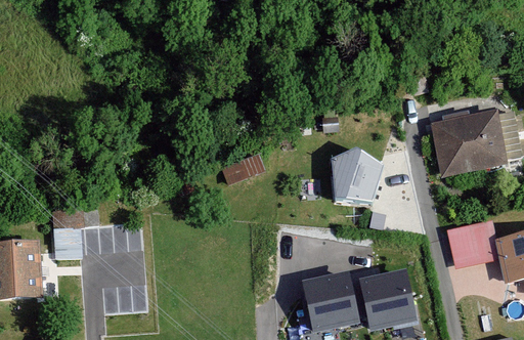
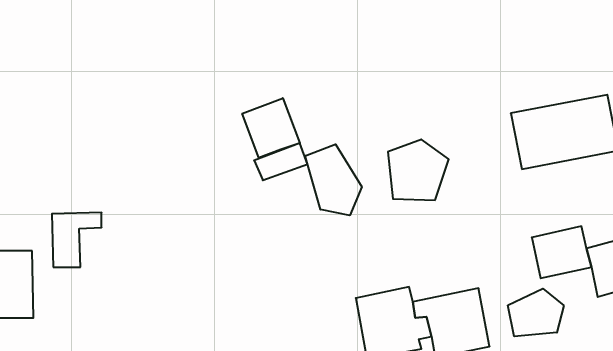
building: none -> [242,98,300,158]
building: none -> [305,144,362,215]
building: none -> [508,289,564,336]

